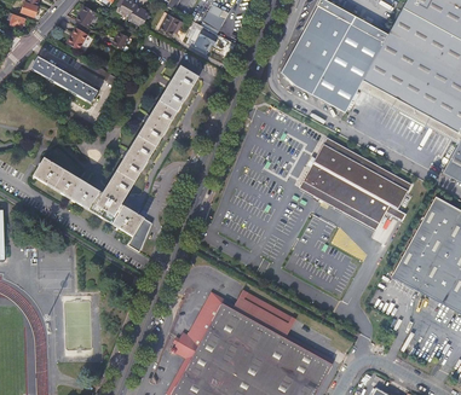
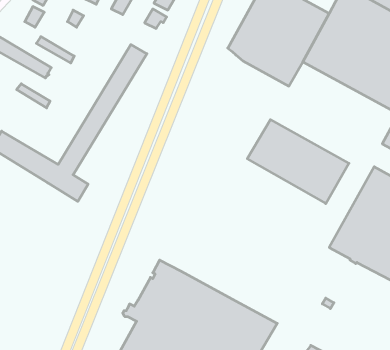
building: [125,214,152,251] -> none
building: [234,289,295,335] -> none

